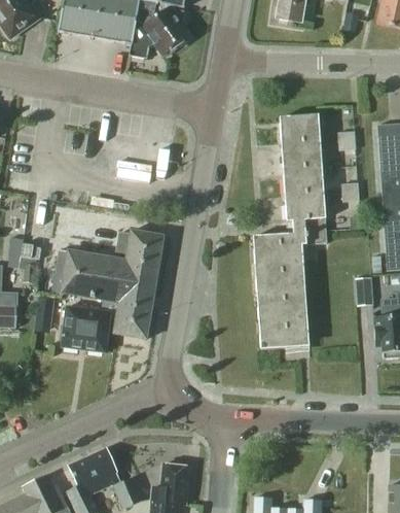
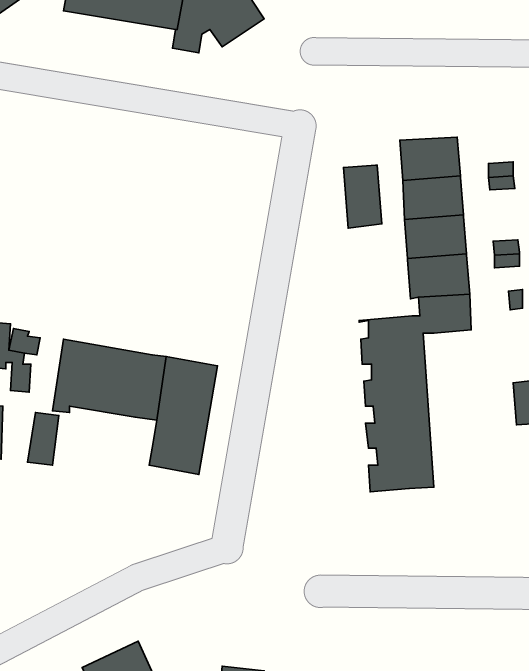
building: none -> [343,165,382,228]
building: [115,231,162,266] -> none
building: [60,300,118,352] -> none

